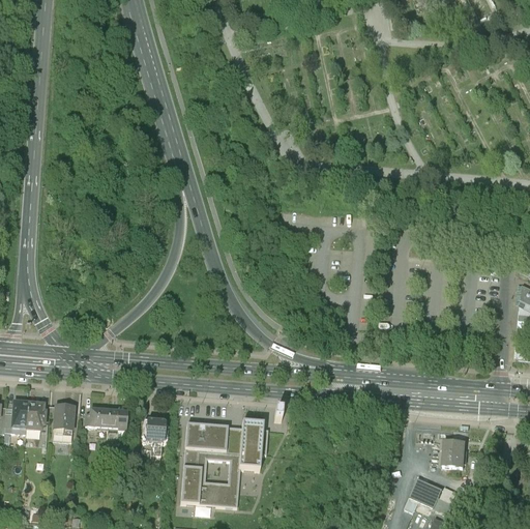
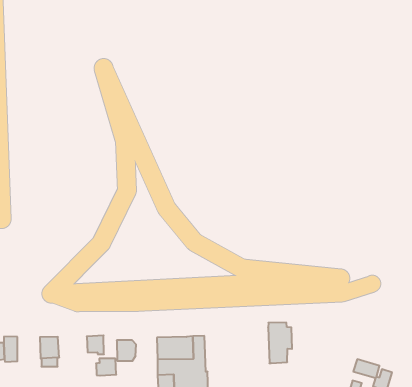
building: [26,402,48,432] -> none
building: [85,408,109,429] -> [96,359,116,376]
building: [241,419,271,467] -> [268,323,292,363]
building: [441,440,465,467] -> none

